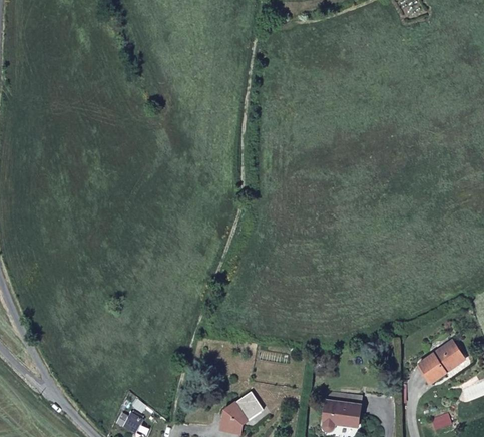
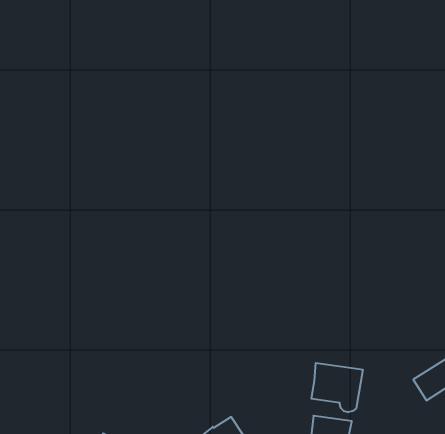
building: none -> [311,363,363,412]

